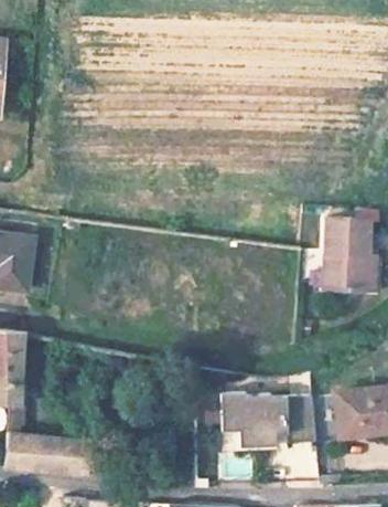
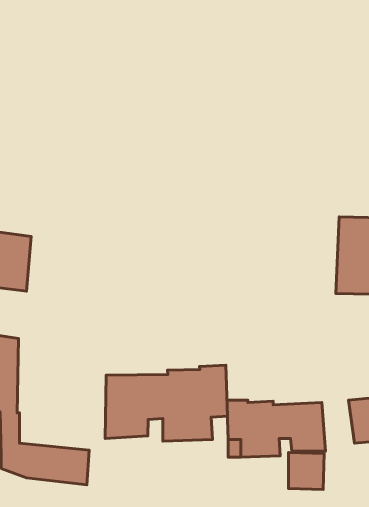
building: none -> [105,365,227,441]

